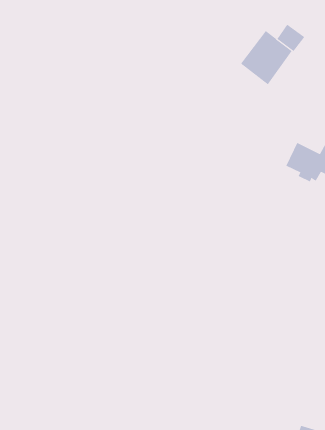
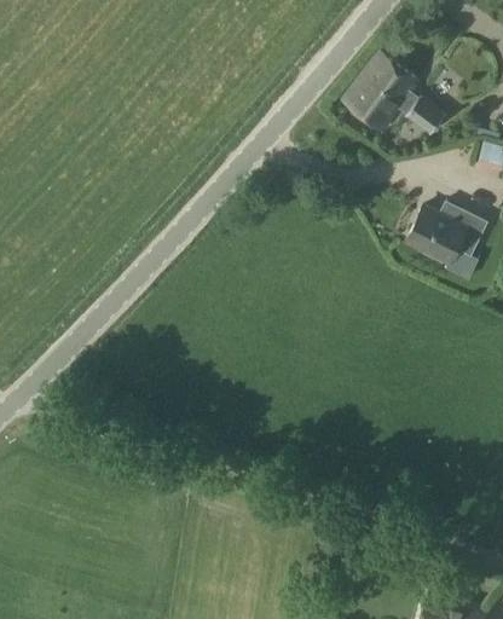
building: [277,24,305,52] -> [406,96,446,134]

